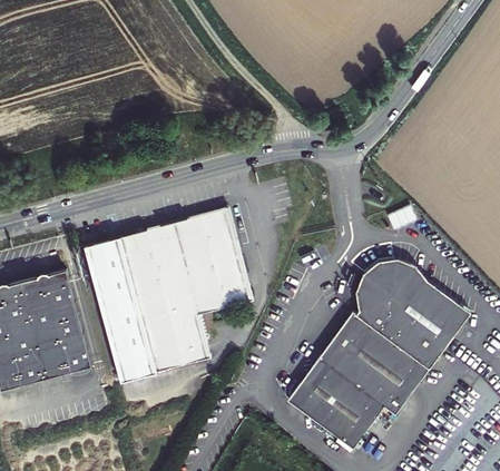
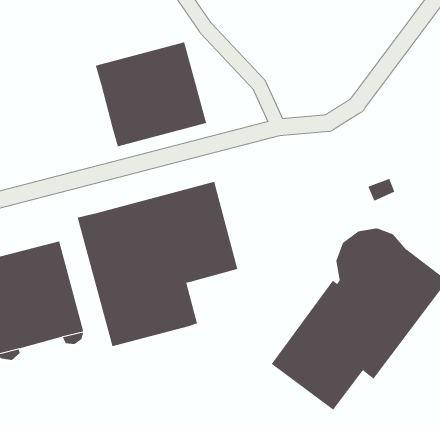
building: none -> [95,42,207,147]

